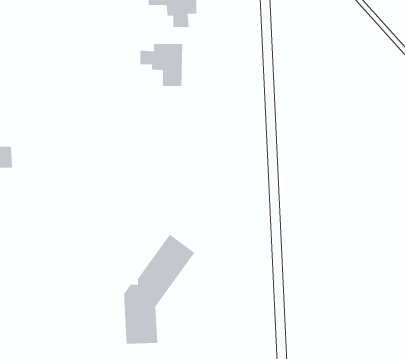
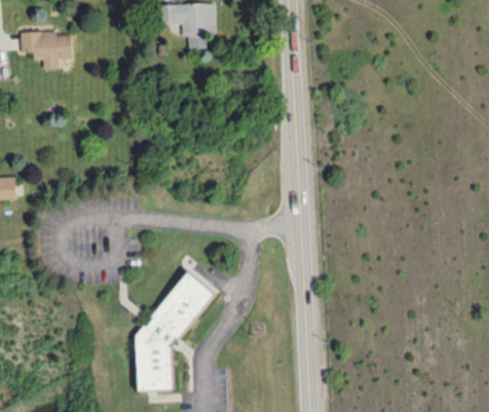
building: none -> [21,31,72,69]
building: [140,43,183,87] -> none

